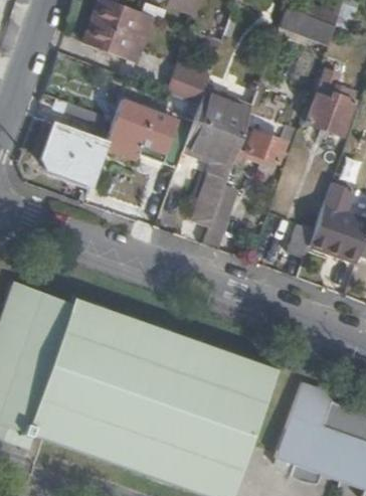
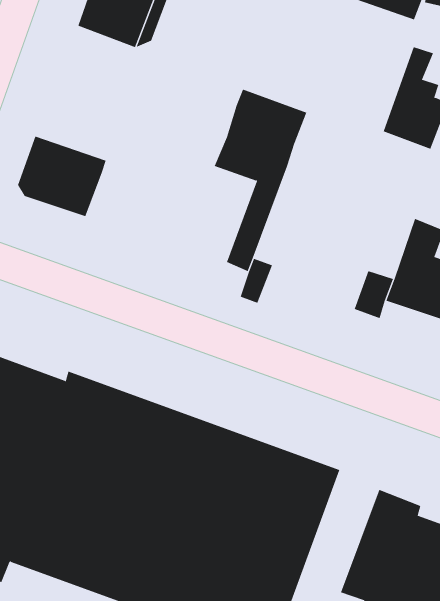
building: [170,62,210,102] -> none
building: [103,99,193,172] -> none
building: [238,129,285,161] -> none

